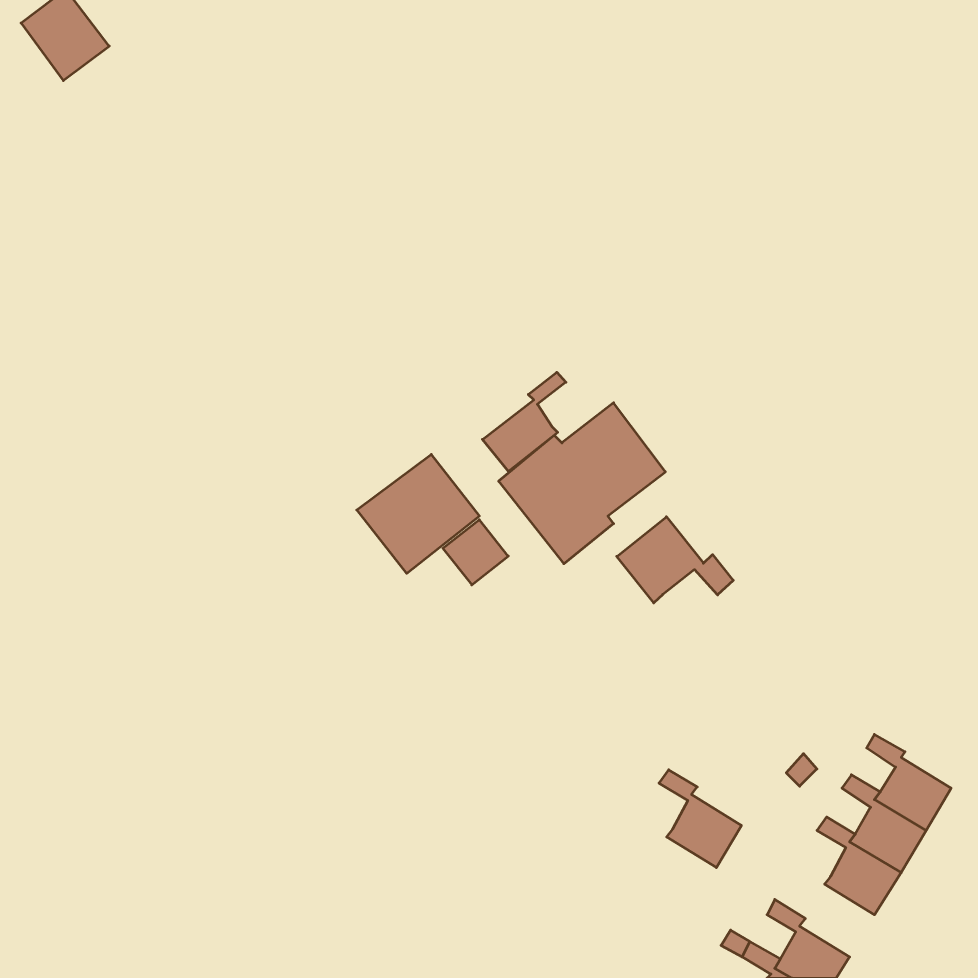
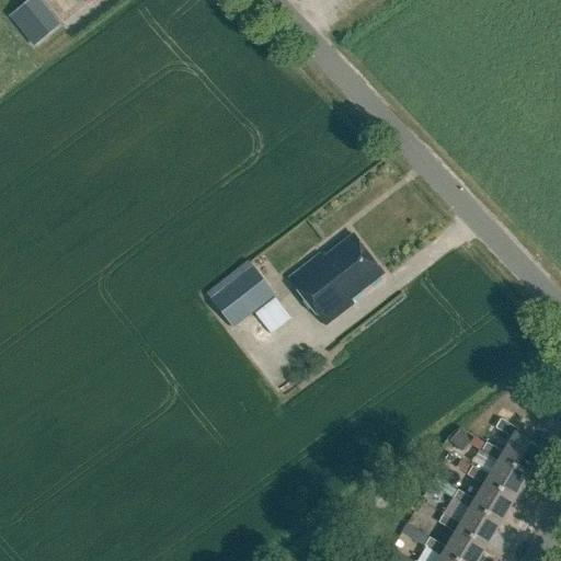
building: [482,372,566,471] -> none
building: [617,517,733,603] -> none
building: [659,770,741,868] -> [453,491,500,547]

